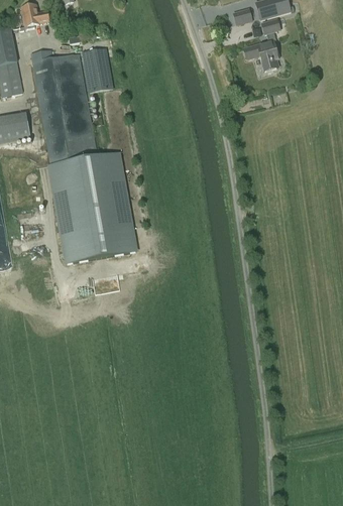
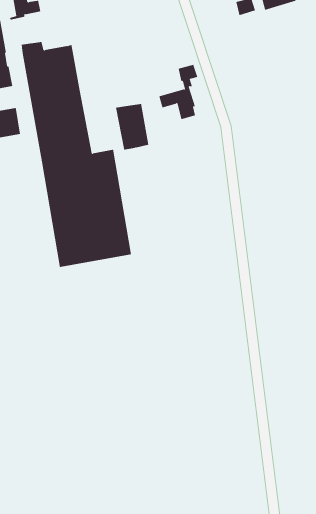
building: [243,18,280,71] -> [159,64,198,120]
building: [81,47,113,92] -> [115,103,149,150]

